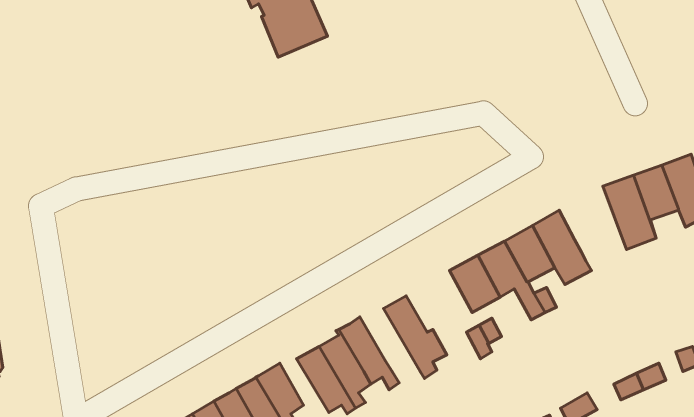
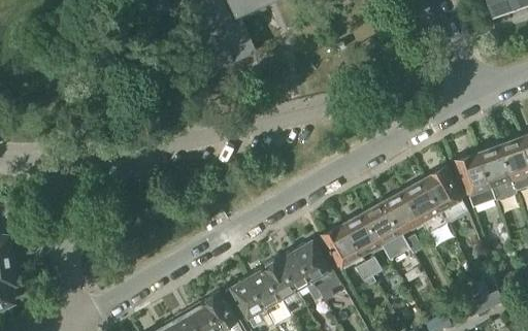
building: none -> [425,167,469,223]
building: none -> [323,223,361,265]
building: none -> [278,251,323,301]

